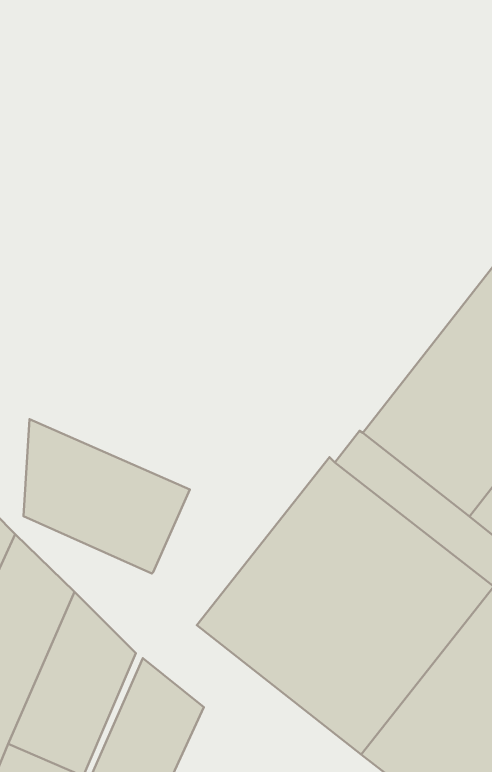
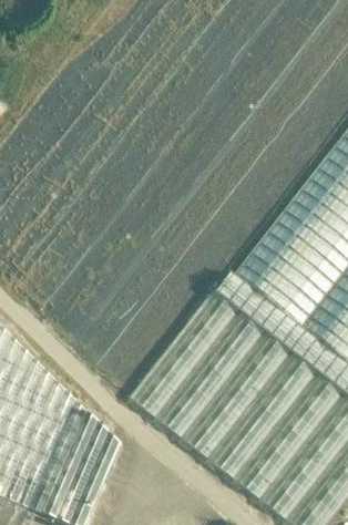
building: [24,419,190,573] -> none

